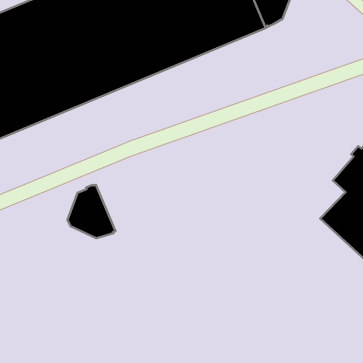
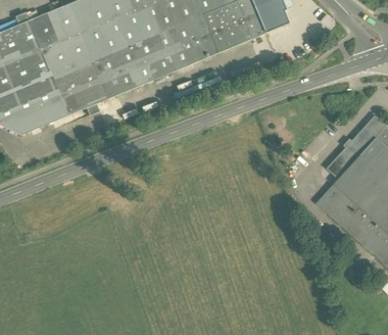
building: [68,185,115,238] -> none

